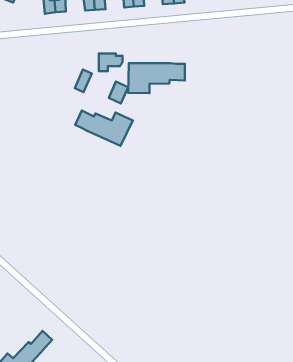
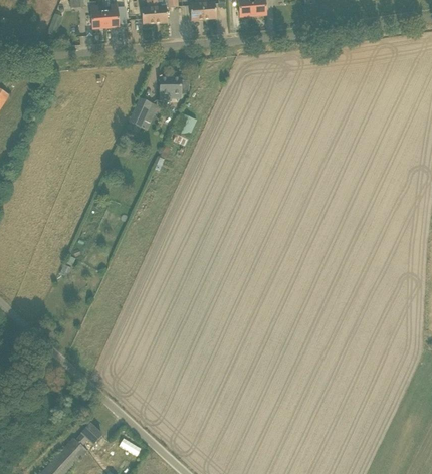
building: [128,63,185,93] -> none
building: [75,110,133,146] -> none

